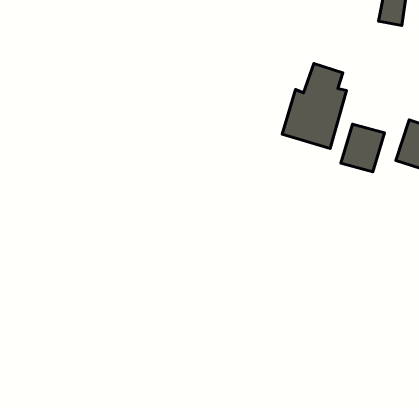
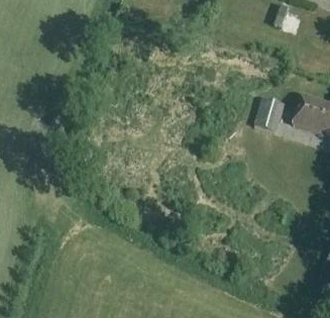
building: [282,64,347,149] -> none

